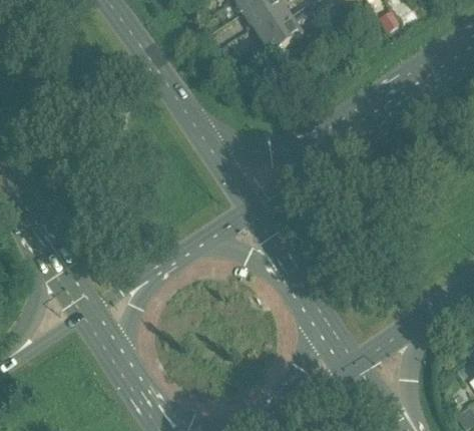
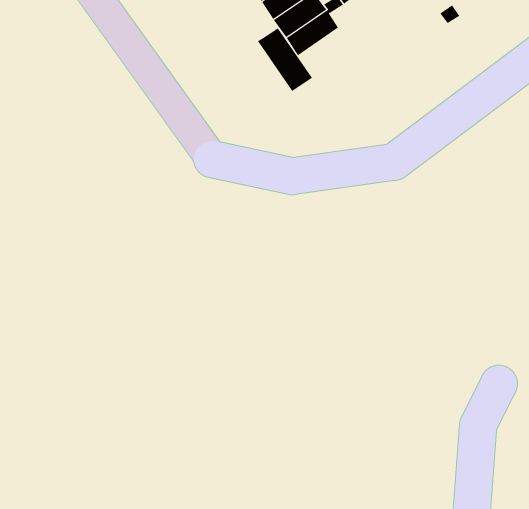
building: none -> [257,27,313,92]

